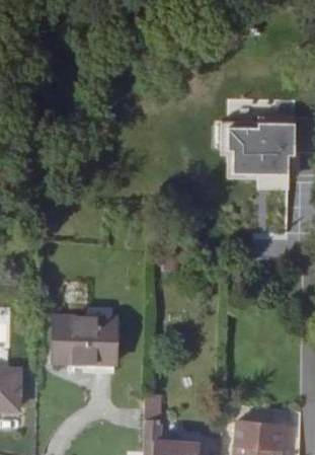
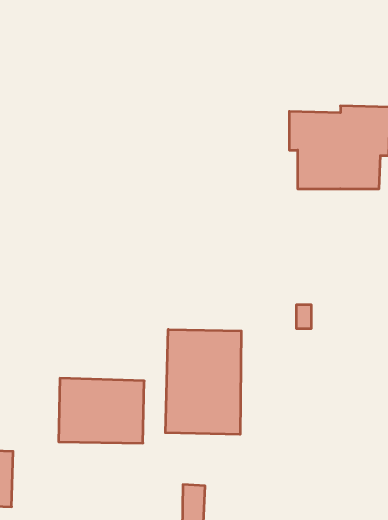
building: none -> [165,329,241,434]

